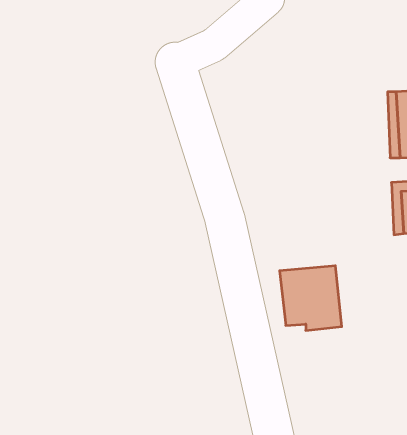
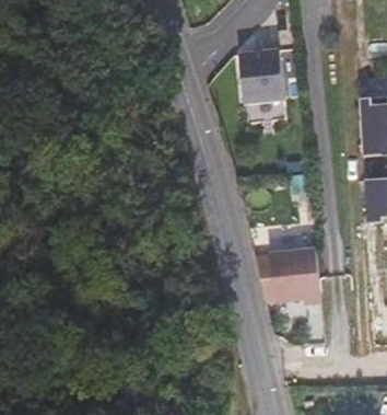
building: none -> [243,49,284,103]

